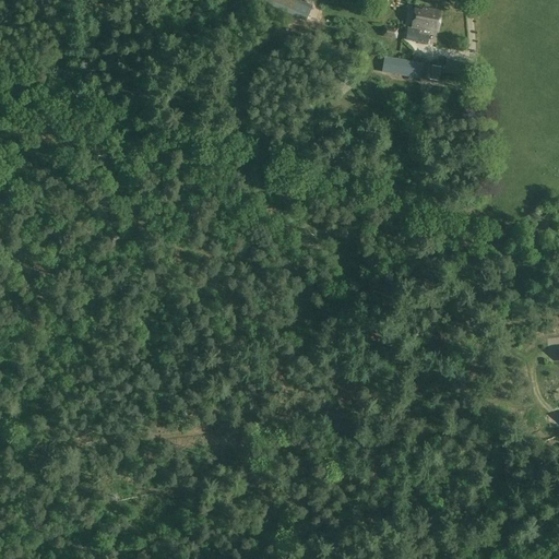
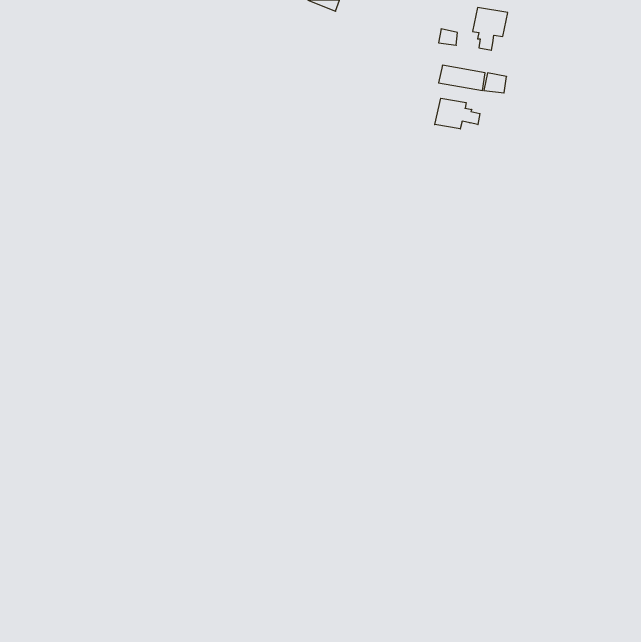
building: none -> [435,98,480,129]

